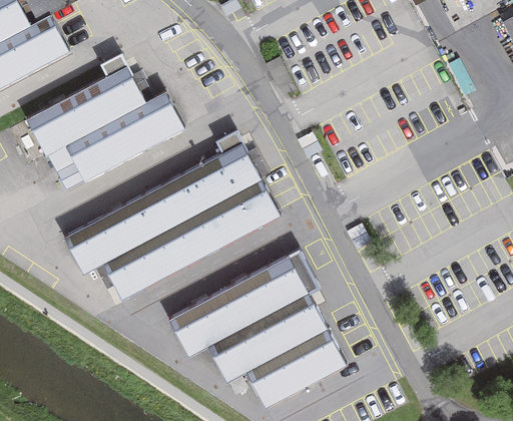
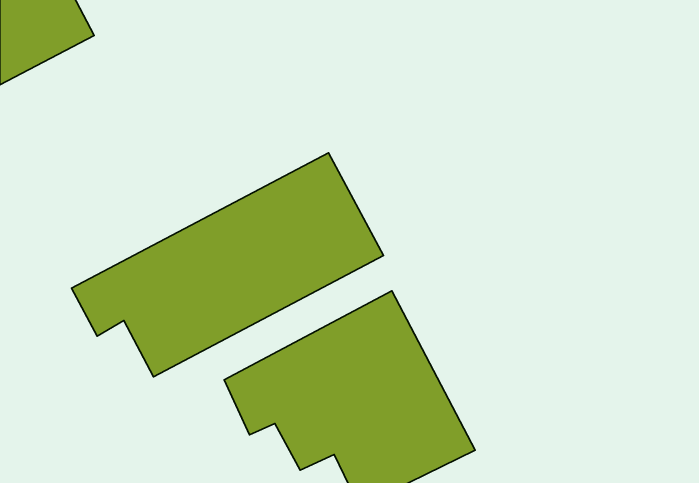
building: [14,62,186,186] -> none

